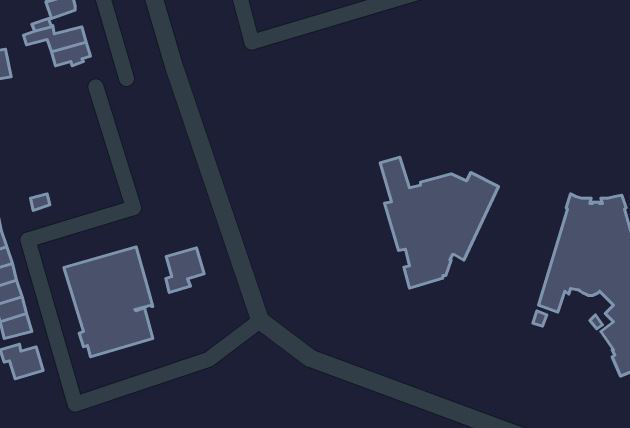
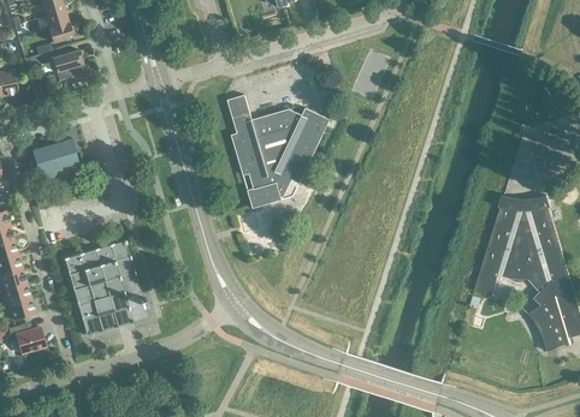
building: none -> [30,137,78,174]
building: [380,157,499,288] -> [226,94,329,207]
building: [166,248,204,292] -> none

